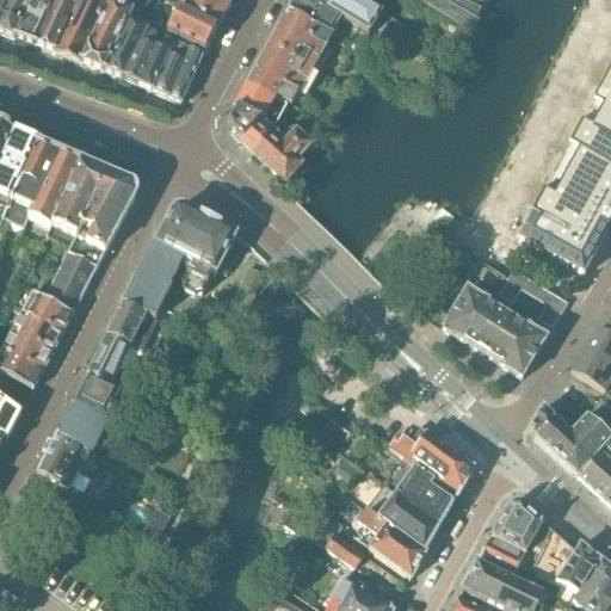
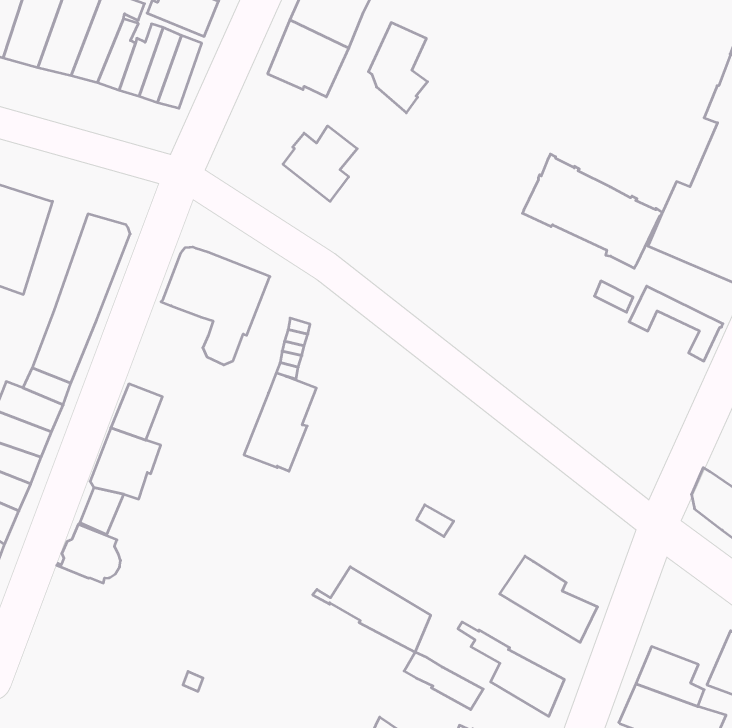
building: [230,78,276,146] -> [368,23,428,113]
building: [50,156,107,237] -> none
building: [125,239,184,313] -> [244,373,316,471]
building: [444,282,548,372] -> [522,154,663,268]
building: [39,426,97,492] -> none
building: [390,427,475,496] -> none
building: [354,480,440,548] -> [313,567,431,652]
building: [493,494,544,547] -> none

